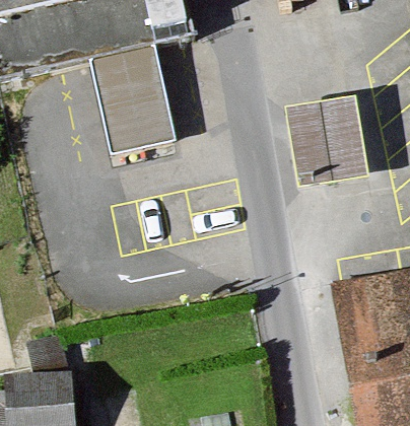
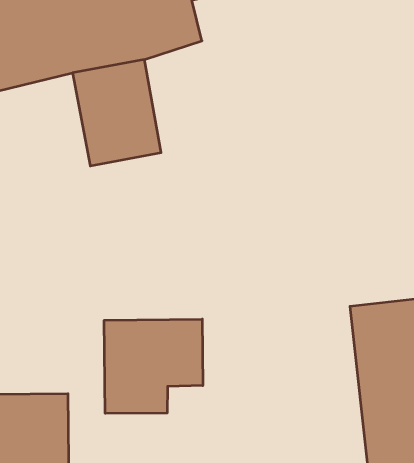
building: [287,92,363,182] -> none
building: none -> [104,319,203,413]

